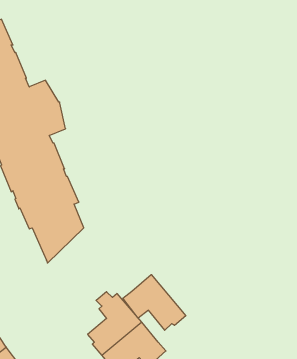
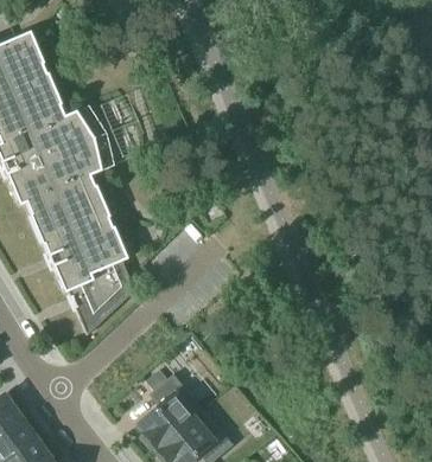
building: [123,275,186,330] -> none

